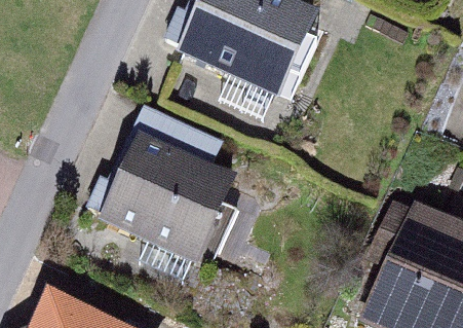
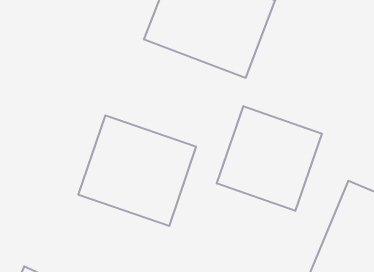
building: none -> [217,106,322,211]

